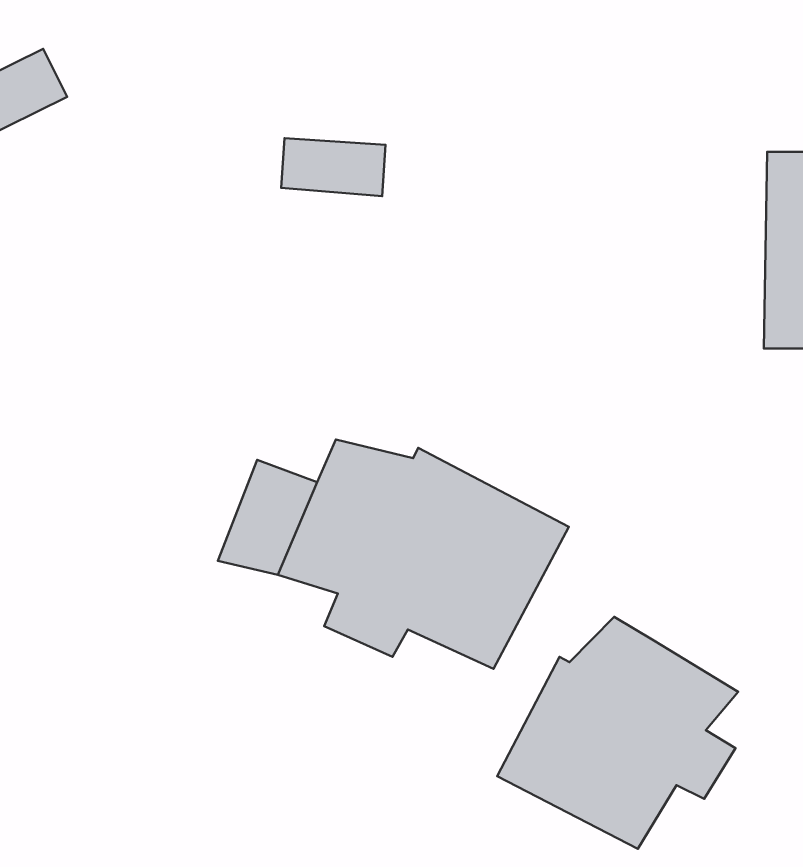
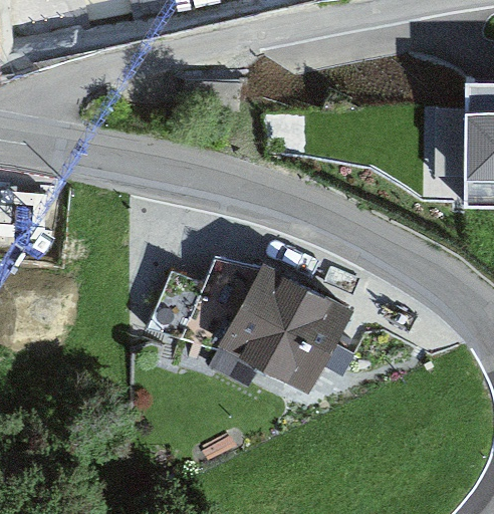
building: [497,617,738,849] -> none

